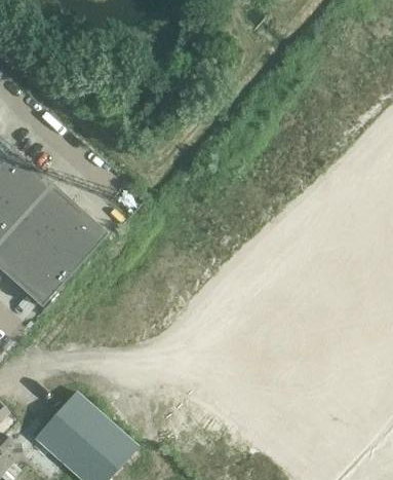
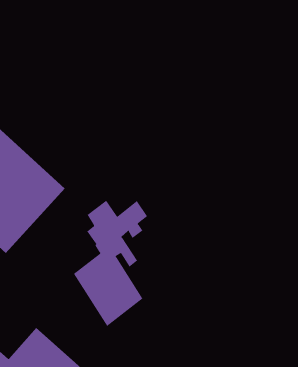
building: none -> [73,200,148,327]

